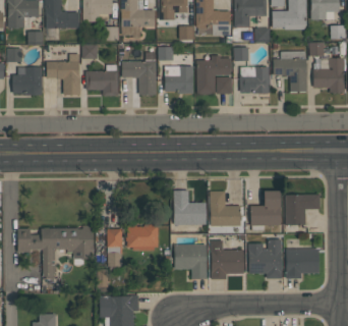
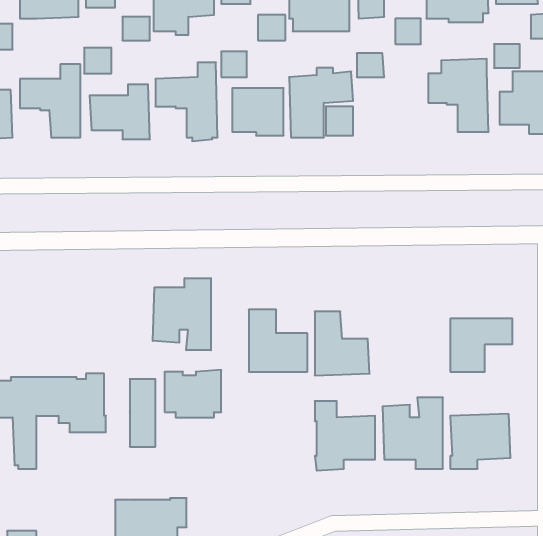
building: [240,67,271,94] -> none
building: none -> [153,278,211,350]
building: [250,192,281,226] -> none
building: [175,246,207,279] -> none

